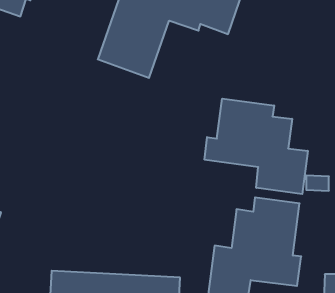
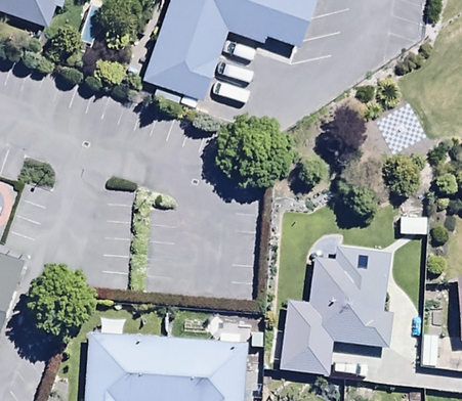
building: [205,99,308,194] -> none

